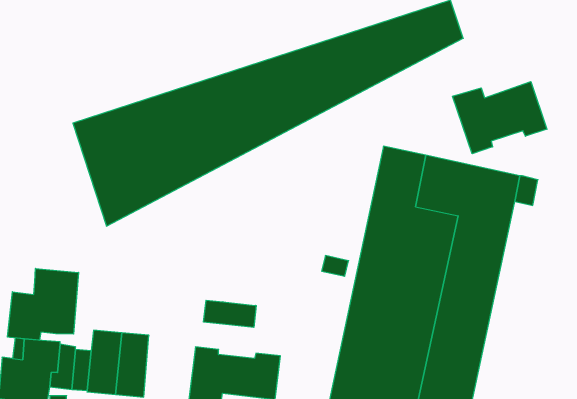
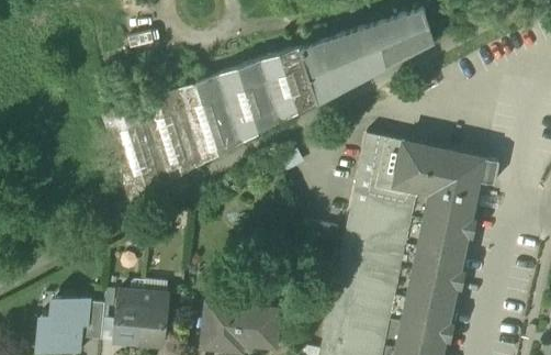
building: [453,82,547,154] -> none
building: [7,268,79,340] -> none
building: [204,300,256,327] -> none

